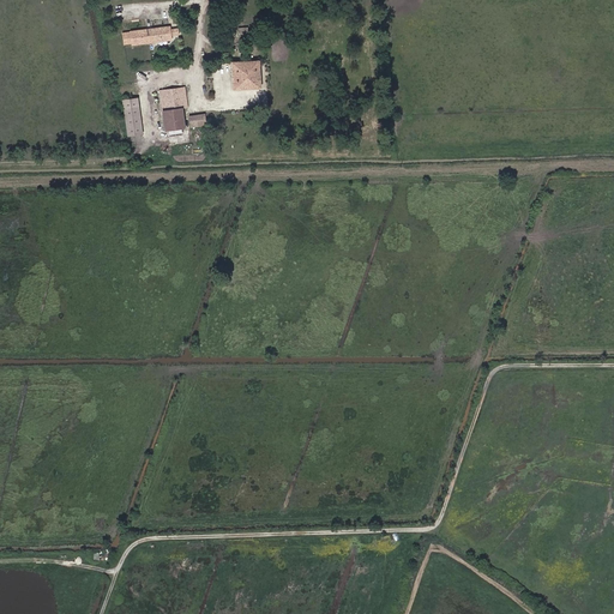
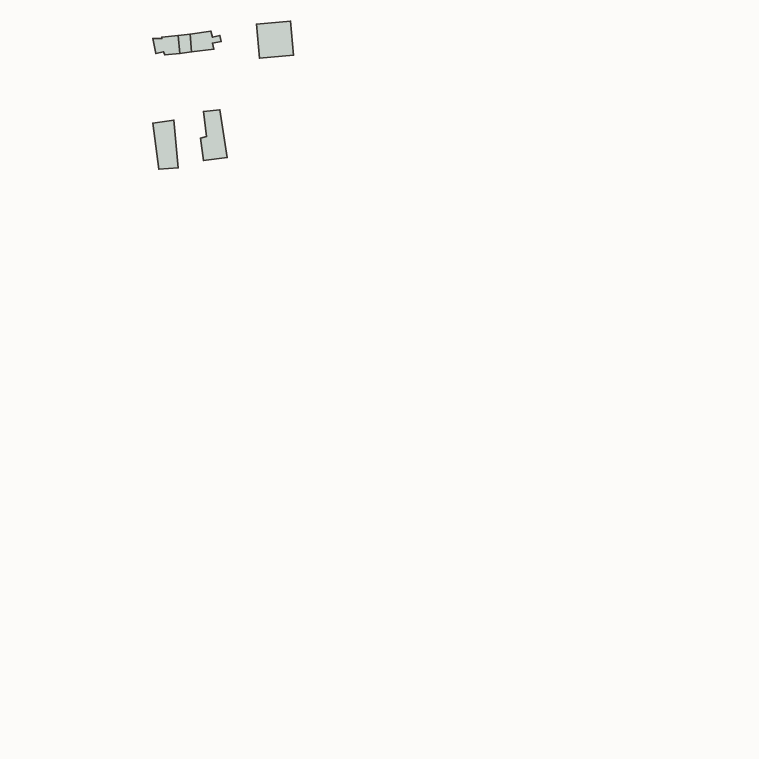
building: [230,61,260,91] -> [256,21,294,58]

